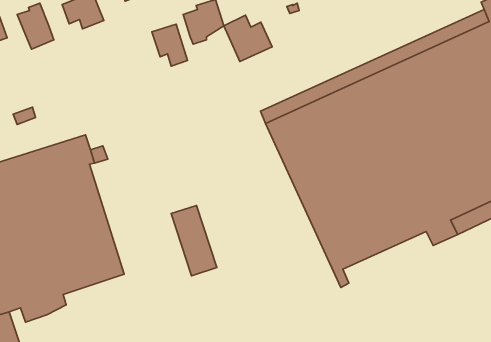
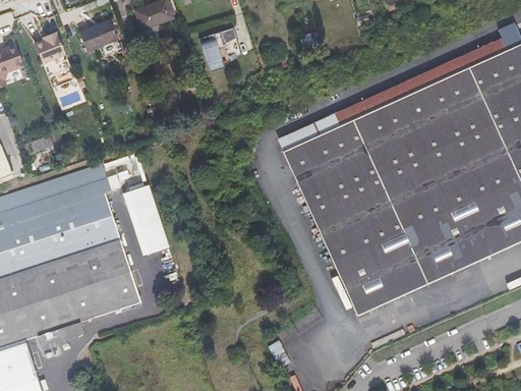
building: [224,15,272,61] -> none
building: [152,24,188,66] -> none
building: [171,205,217,276] -> [123,185,169,256]
building: none -> [360,260,451,312]

